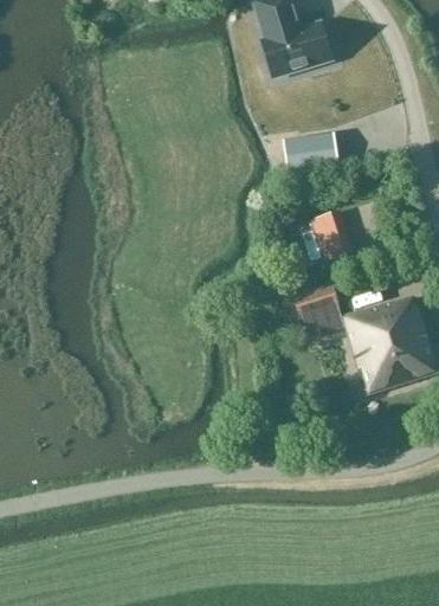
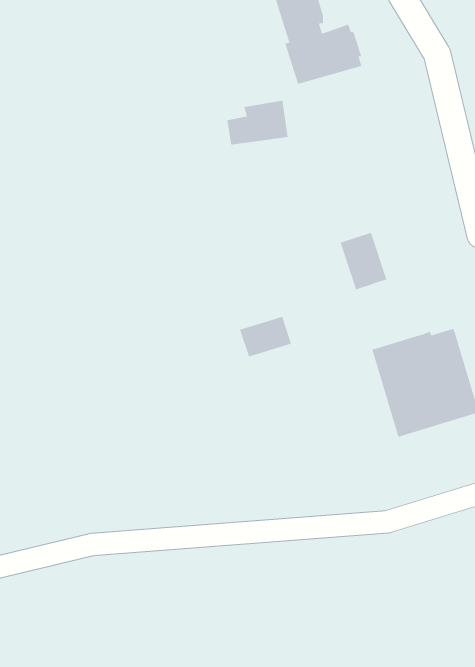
building: [284,134,340,174] -> [226,100,288,145]
building: [291,282,338,318] -> [239,316,292,357]

